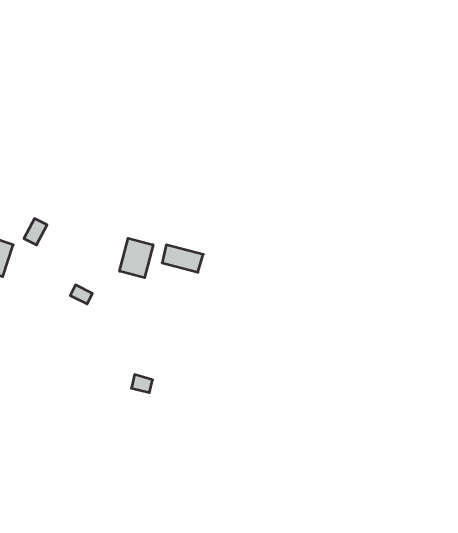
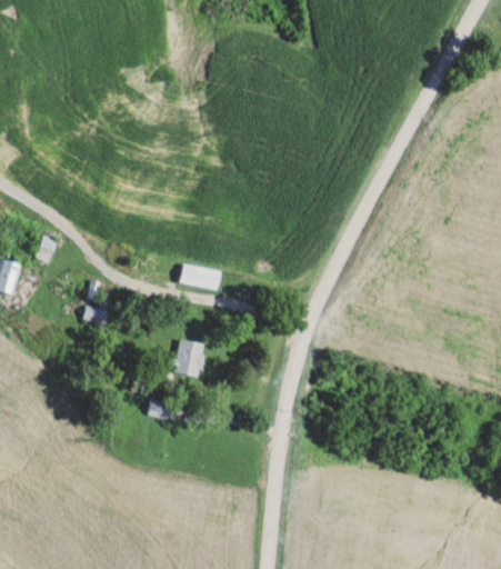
building: [120,238,153,278] -> none
building: none -> [172,338,206,377]

